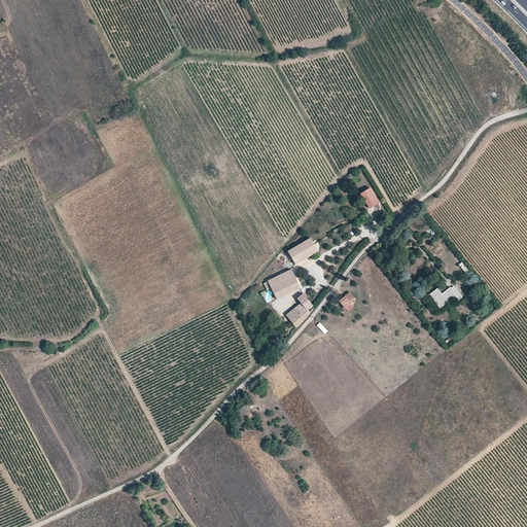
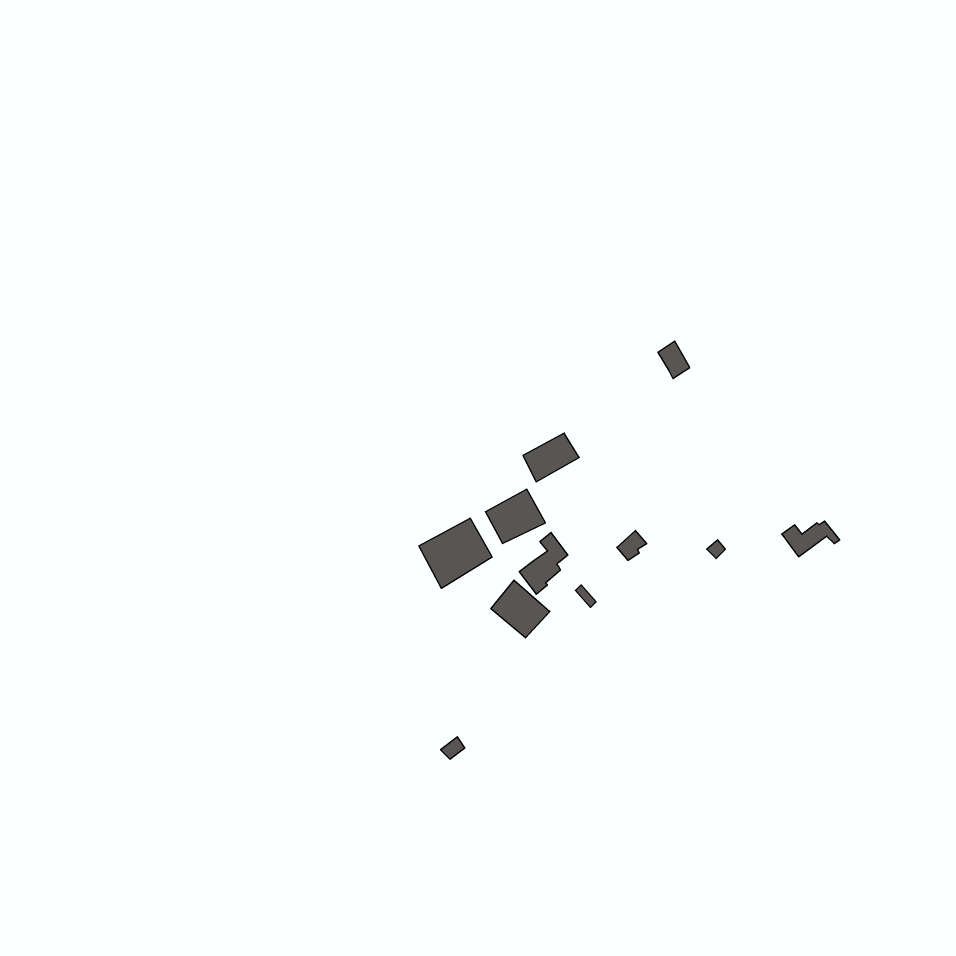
building: none -> [419,518,492,588]
building: none -> [491,580,550,638]

